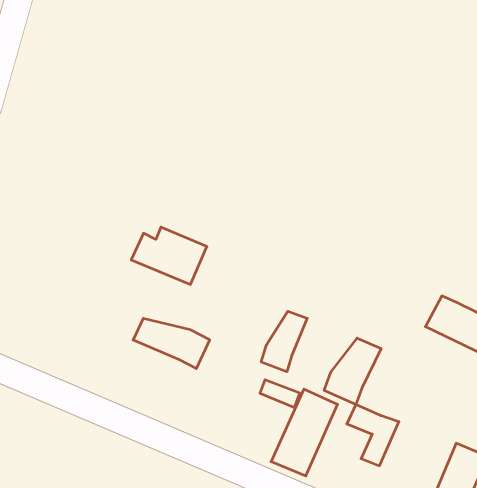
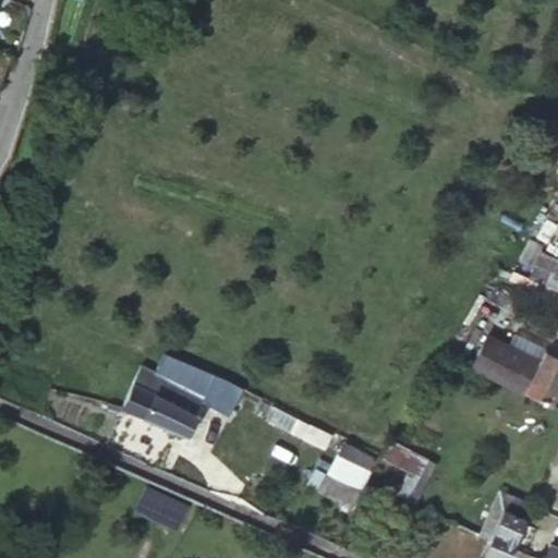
building: [131,227,207,284] -> [125,379,206,440]
building: [261,311,307,372] -> none
building: [324,338,381,404] -> none

